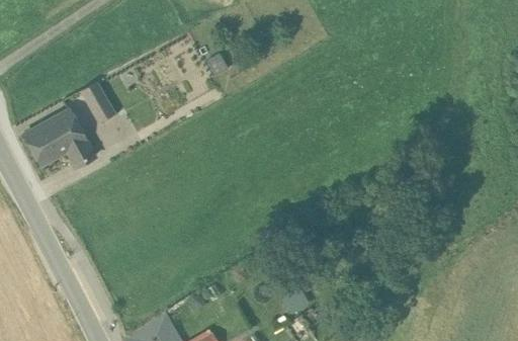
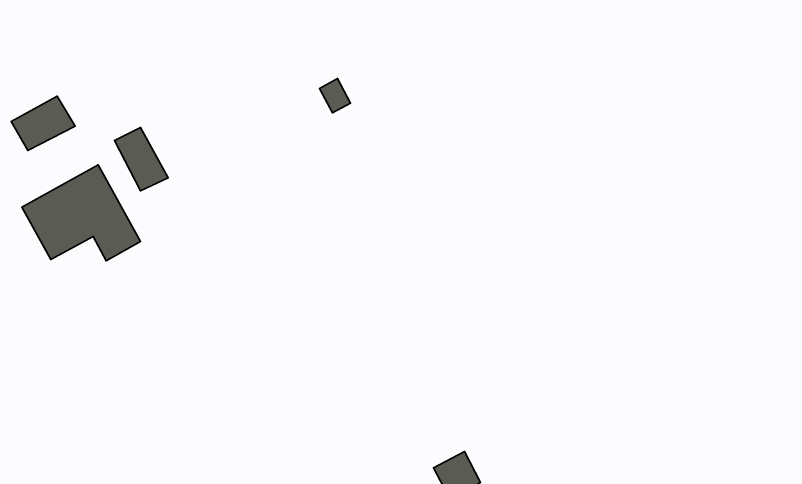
building: none -> [11,96,75,151]

